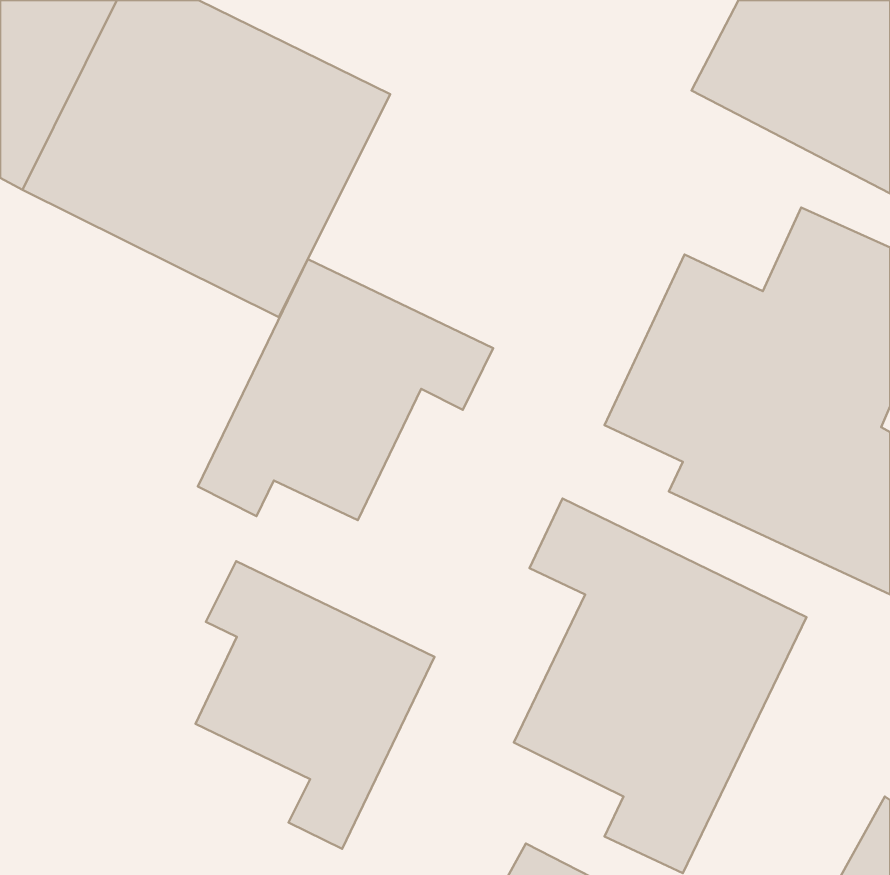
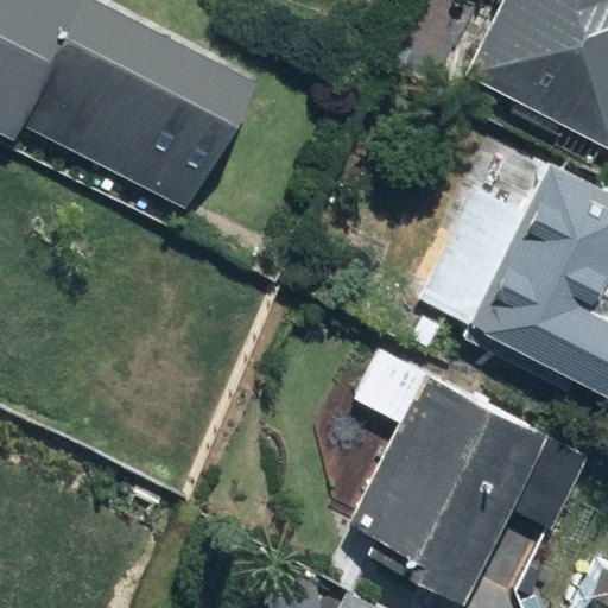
building: [198,259,493,520] -> none
building: [196,561,434,849] -> none

